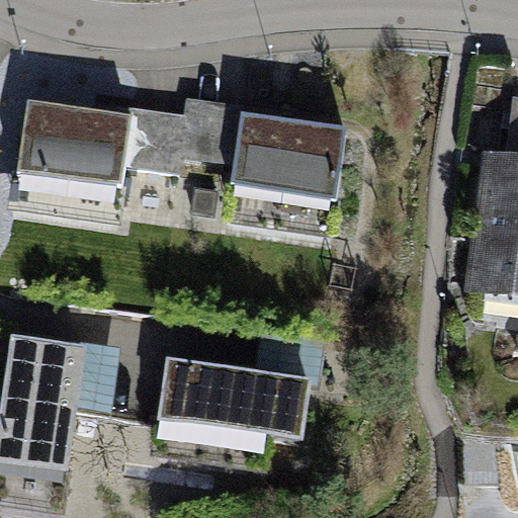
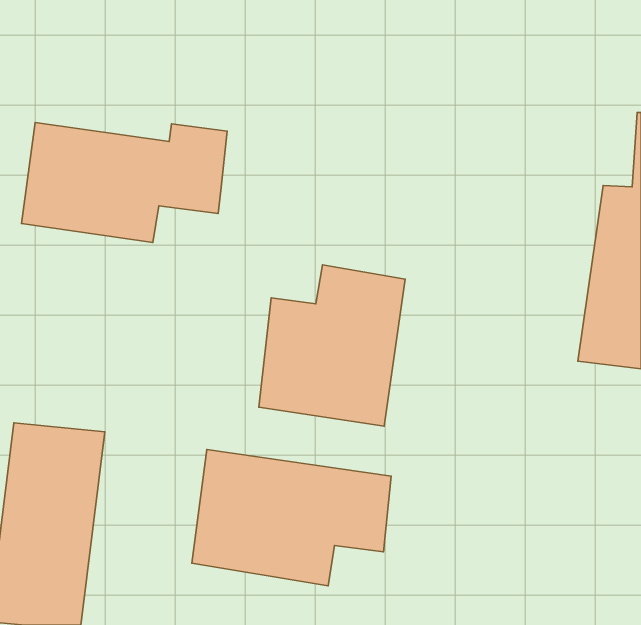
building: [177,89,350,203] -> none
building: none -> [259,265,405,426]

